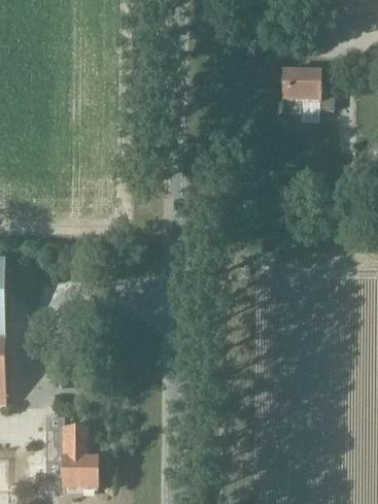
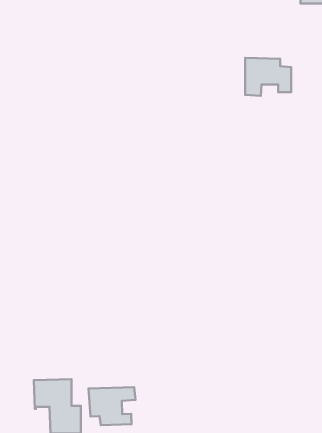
building: none -> [89,387,136,425]

